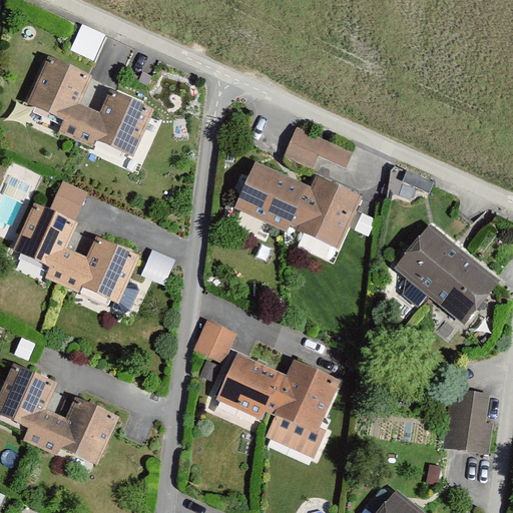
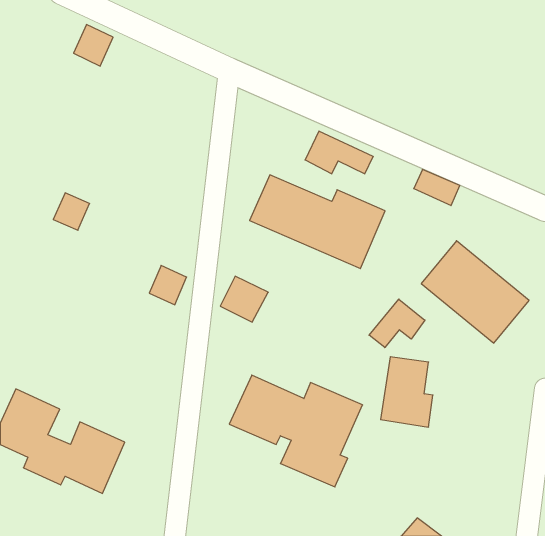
building: [26,57,152,156] -> none
building: [11,202,137,303] -> none
building: none -> [369,299,425,348]
building: [192,320,237,363] -> [220,276,268,322]
building: [444,387,493,453] -> [381,357,433,427]

